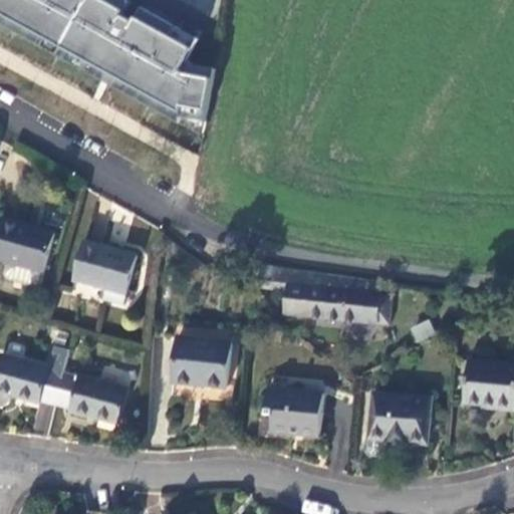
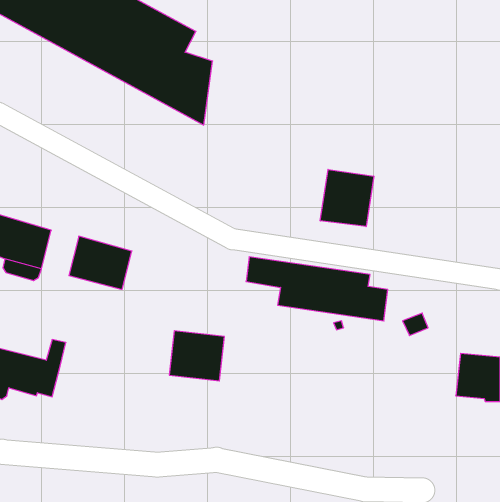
building: none -> [320,169,374,227]
building: [53,373,125,425] -> none
building: [266,390,323,437] -> none
building: [364,393,430,455] -> none

